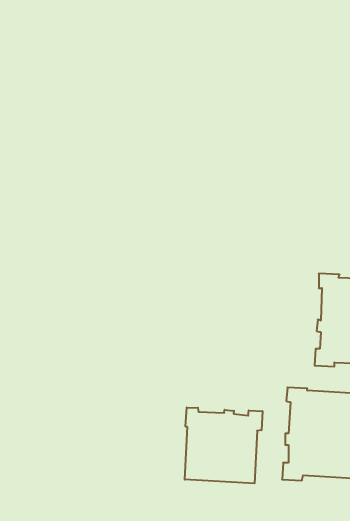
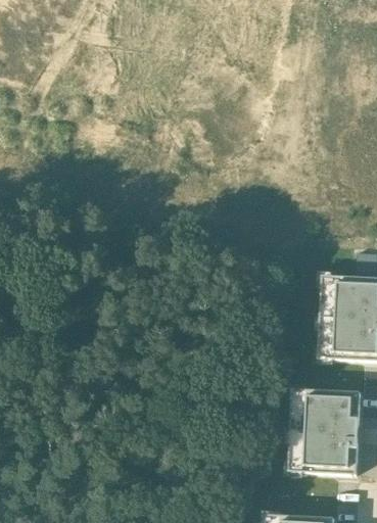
building: [185,407,262,483] -> none

